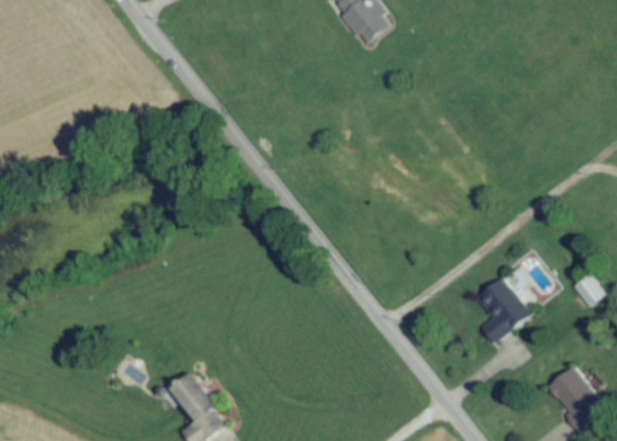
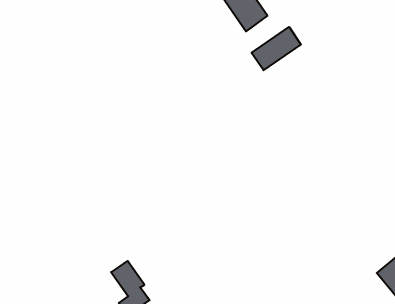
building: none -> [252,27,301,70]
building: [476,276,531,342] -> none

